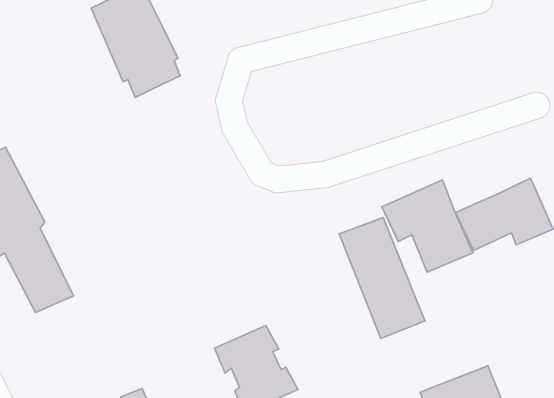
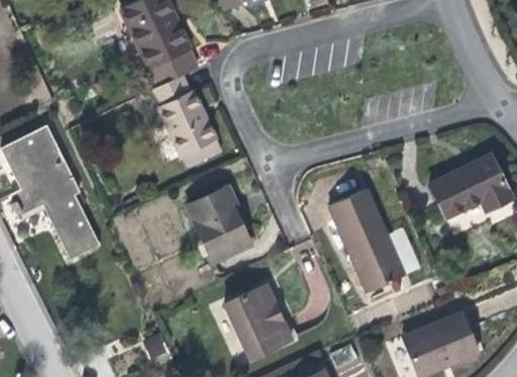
building: none -> [158,75,221,164]
building: [382,180,473,272] -> none
building: none -> [184,188,250,266]

